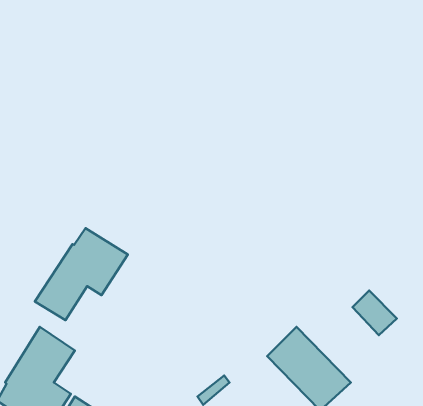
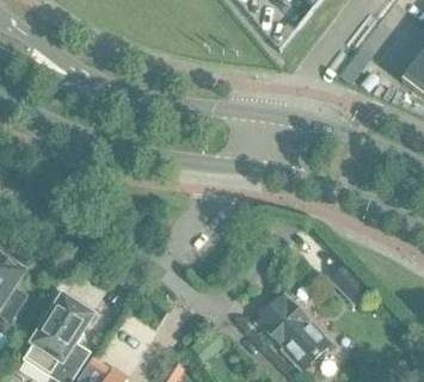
building: [35,228,128,320] -> none

